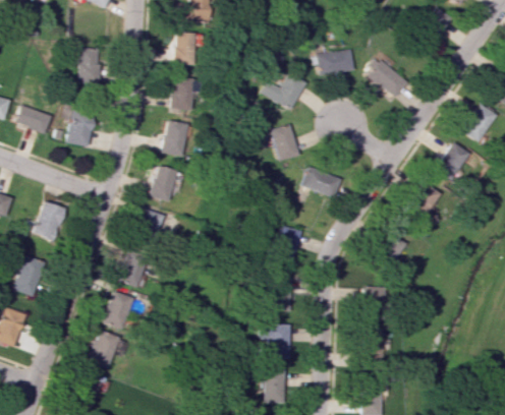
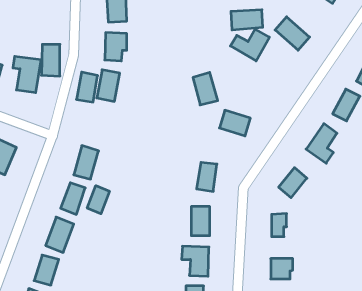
building: [79,48,101,84] -> [41,44,60,76]
building: [263,73,307,110] -> [230,29,269,61]
building: [152,166,176,200] -> [76,72,98,102]
building: none -> [87,186,109,214]

